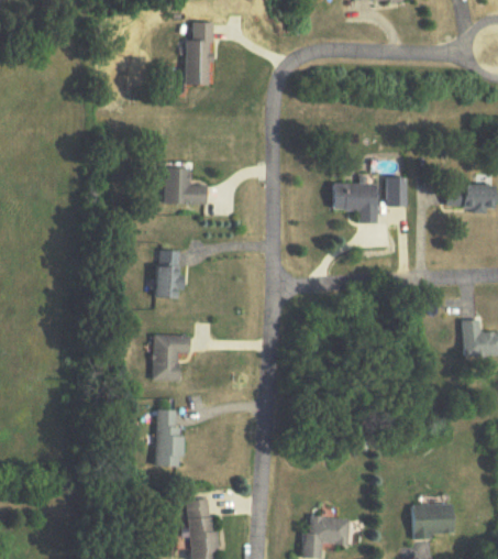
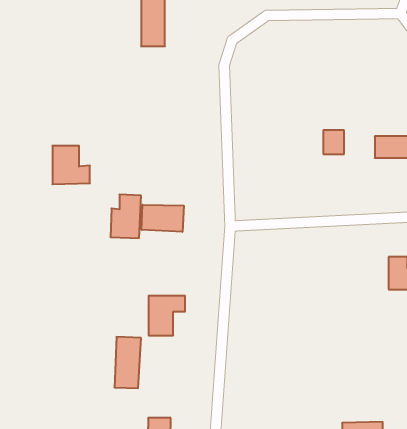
building: [161,162,202,205] -> [52,146,90,184]
building: [330,183,380,223] -> none
building: none -> [142,205,184,232]
building: [154,336,195,380] -> [149,296,185,335]

